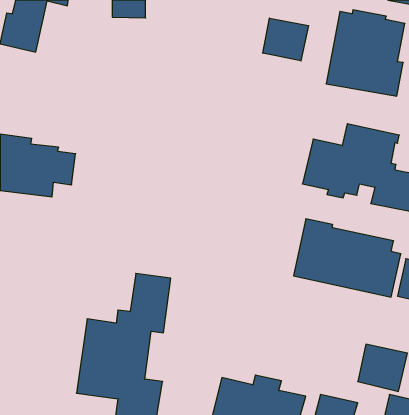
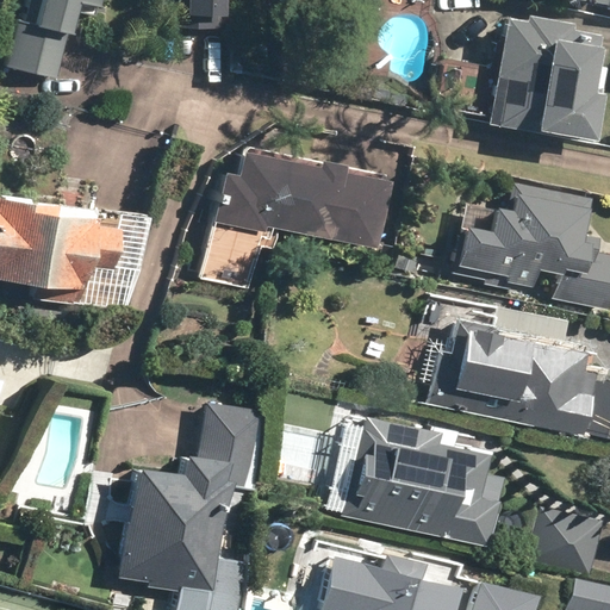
building: [263,18,308,61] -> none
building: none -> [200,147,388,288]
building: none -> [328,416,503,547]

